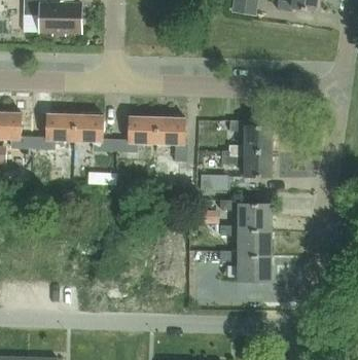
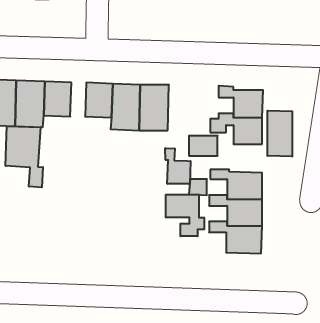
building: none -> [267,111,292,157]
building: none -> [6,126,43,187]
building: none -> [165,148,191,184]
building: none -> [166,195,204,236]

